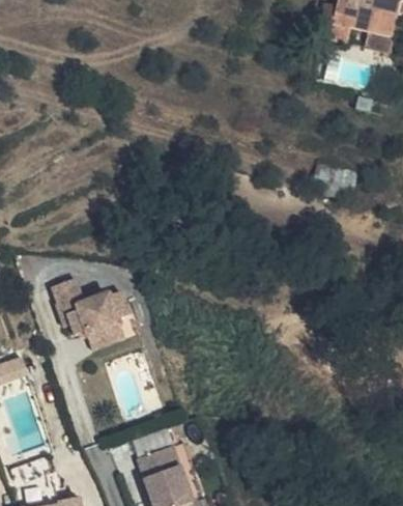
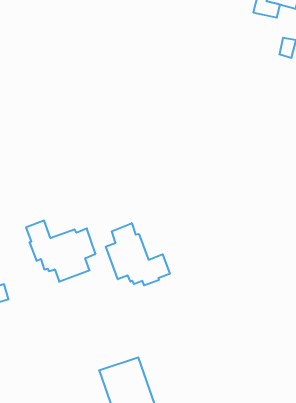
building: none -> [106,223,170,285]

